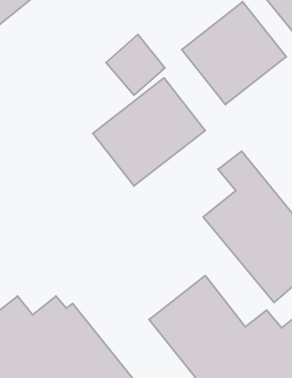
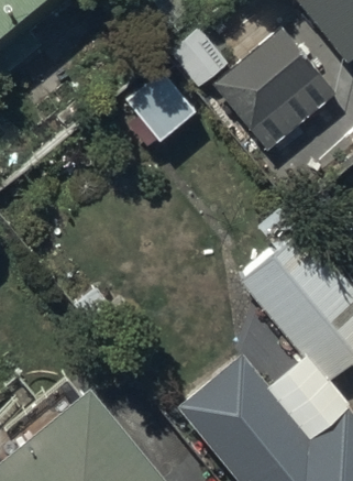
building: [93,78,205,186] -> none

